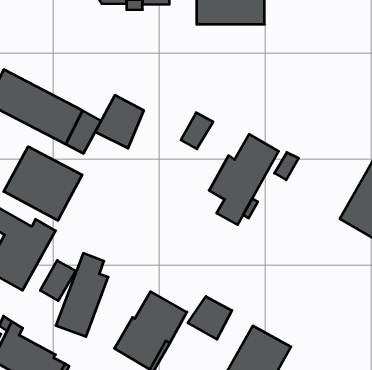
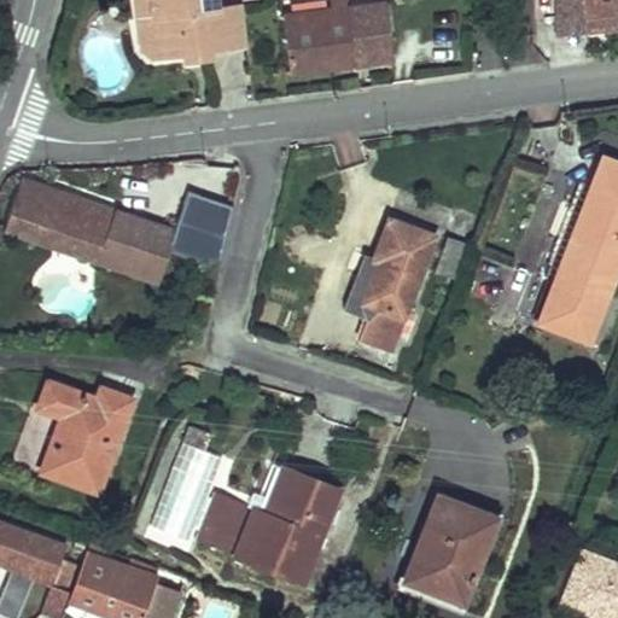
building: [181,113,213,149] -> none
building: [4,147,82,220] -> none
building: [40,260,76,301] -> [205,495,252,553]
building: [188,296,232,339] -> none

